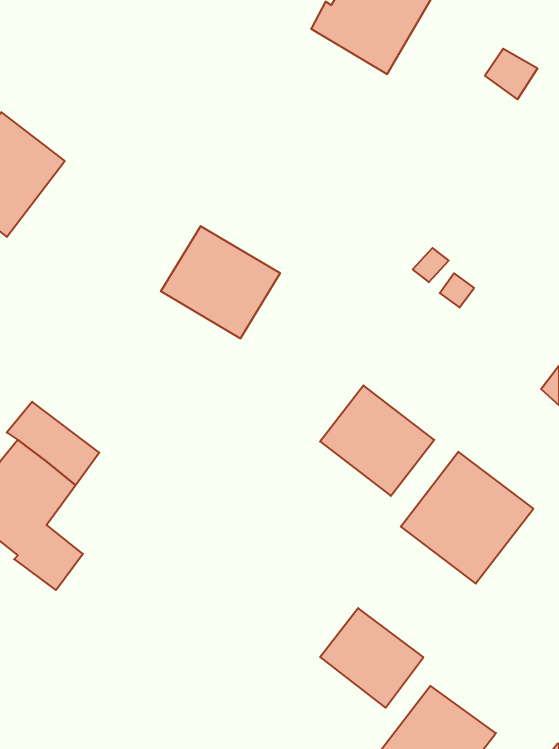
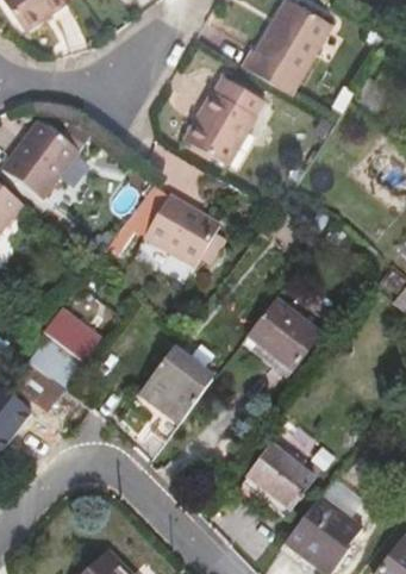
building: none -> [183,71,267,163]
building: [401,452,533,584] -> none
building: none -> [139,347,216,424]

